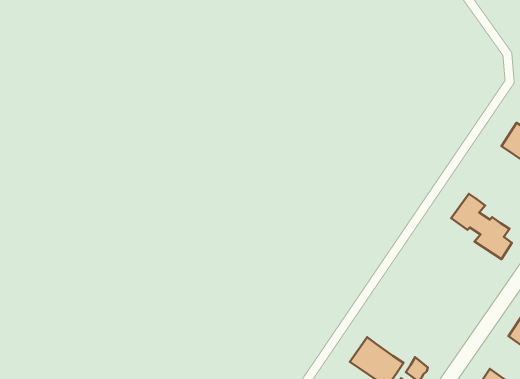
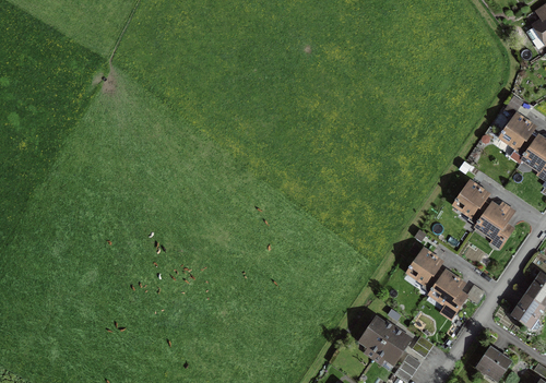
building: none -> [408,249,466,320]

